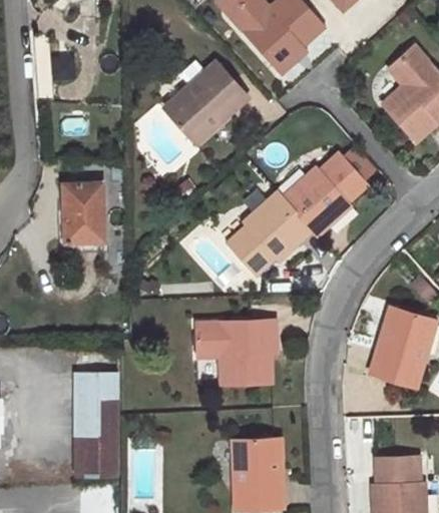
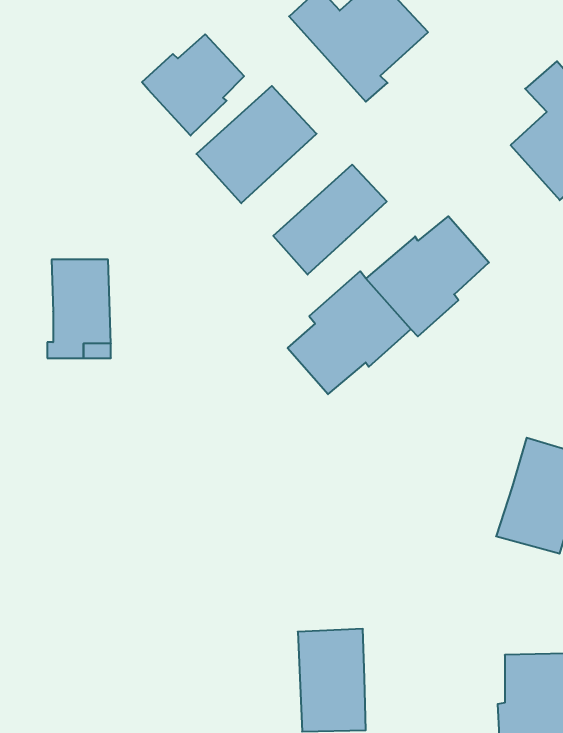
building: none -> [142,34,244,136]
building: none -> [273,165,387,275]
building: [195,319,277,383] -> none
building: [76,374,118,475] -> none

